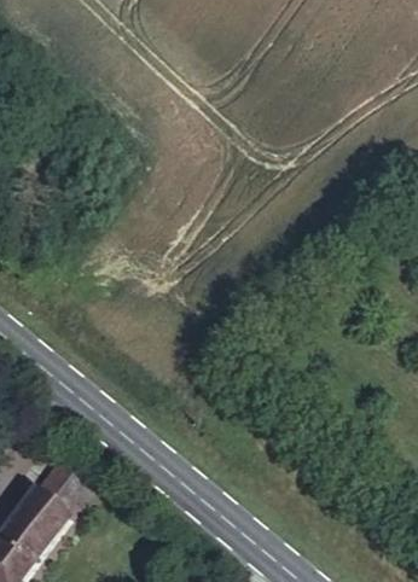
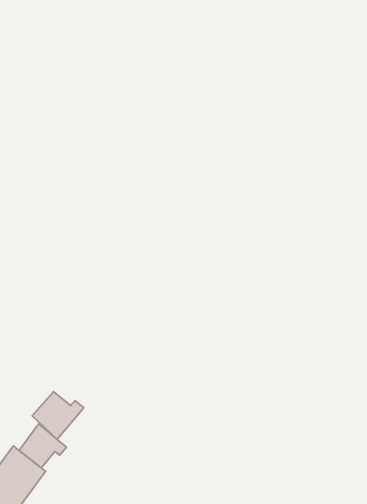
building: none -> [32,392,84,439]

